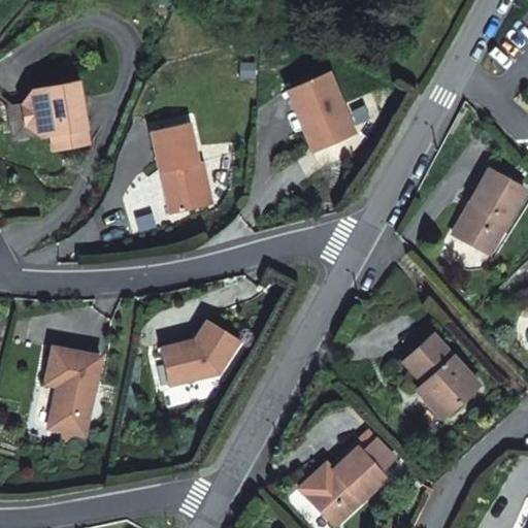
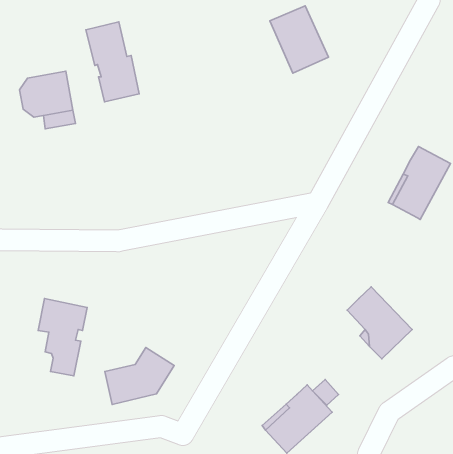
building: [287,73,355,152] -> [270,6,328,73]
building: [151,122,212,214] -> [86,22,139,102]
building: [160,320,240,386] -> [105,348,174,404]

